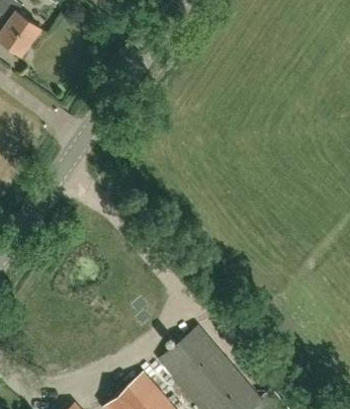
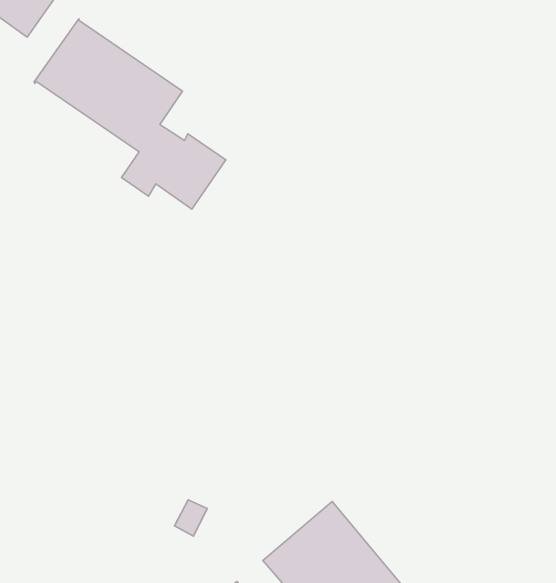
building: none -> [34,19,226,209]

